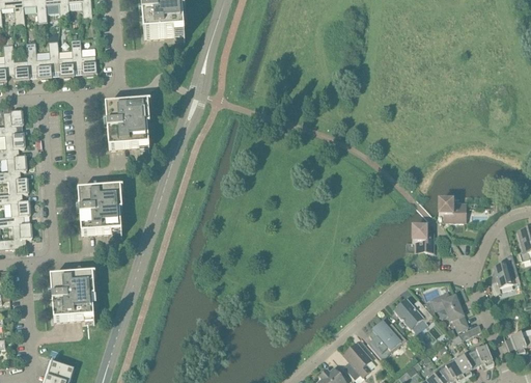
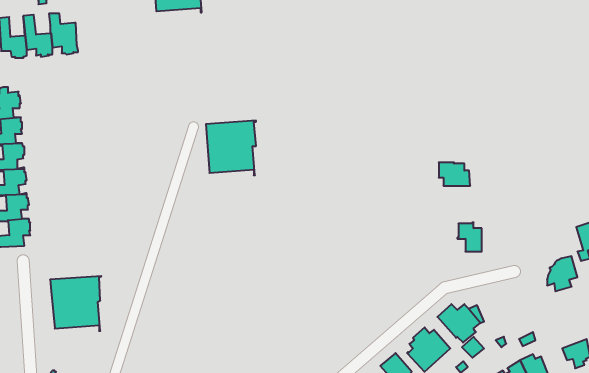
building: [71,37,100,74] -> none
building: [105,101,149,149] -> [206,121,256,175]
building: [77,186,122,235] -> none
building: [438,199,466,220] -> [439,162,470,186]
building: [430,293,466,328] -> none

